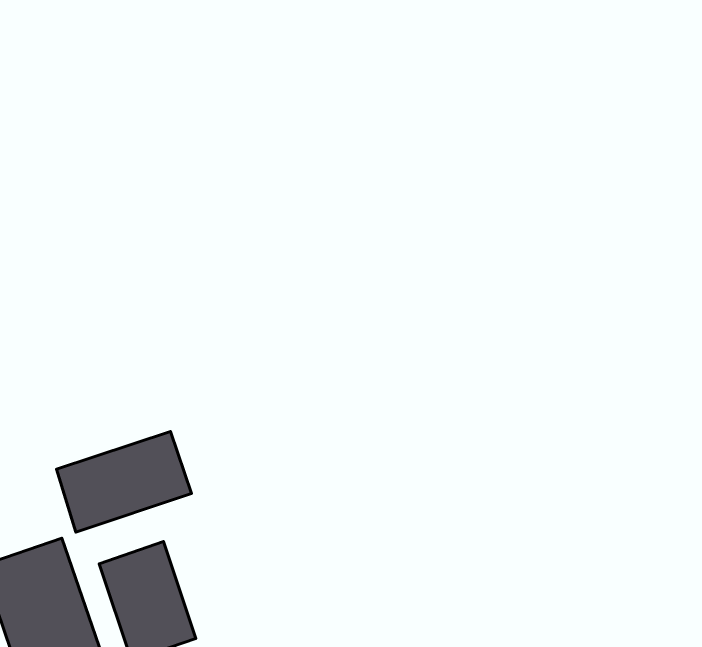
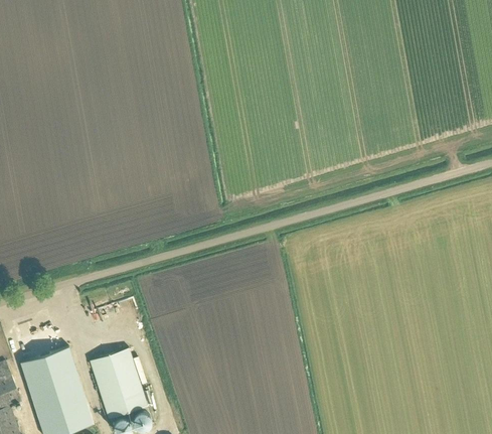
building: [56,431,192,532] -> none

